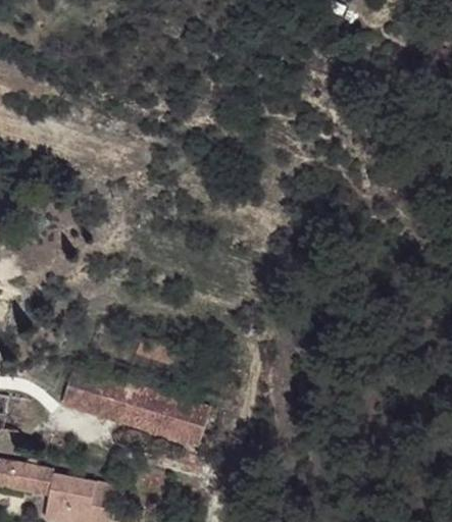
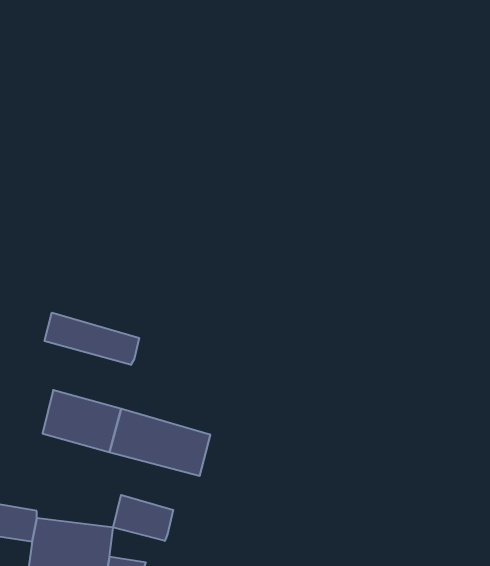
building: none -> [45,313,139,365]
building: none -> [113,495,173,541]

